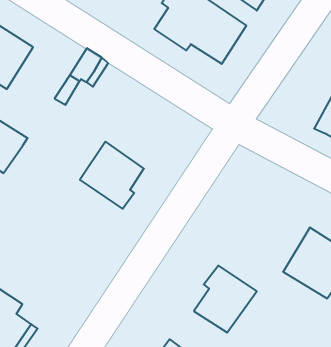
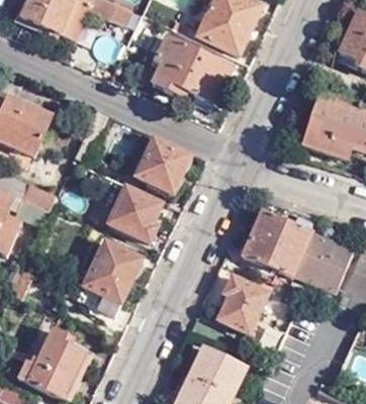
building: none -> [133,138,187,191]
building: none -> [243,213,310,277]
building: none -> [75,241,138,314]

